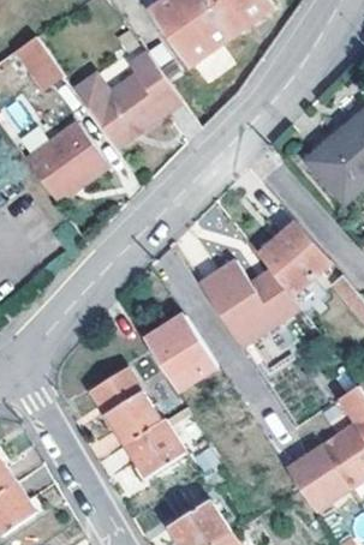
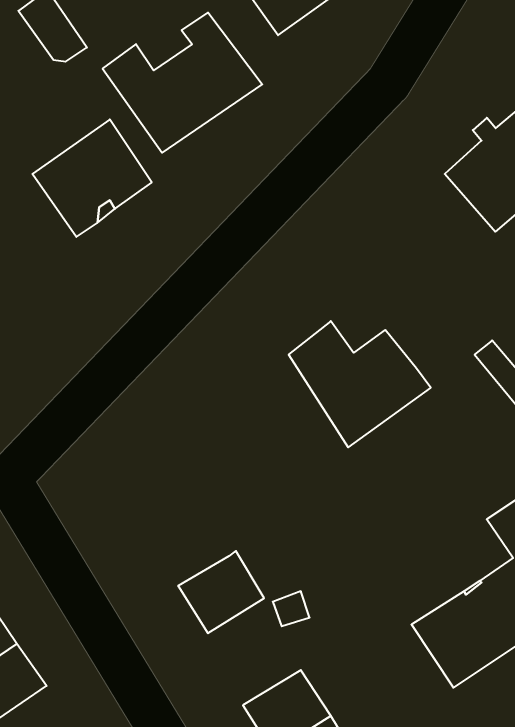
building: [256,221,327,294] -> none
building: [143,315,216,390] -> none
building: [90,366,159,443] -> none

